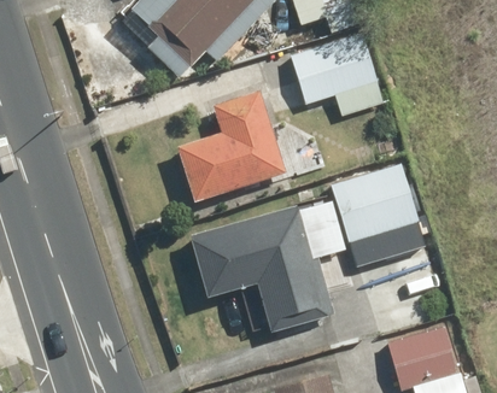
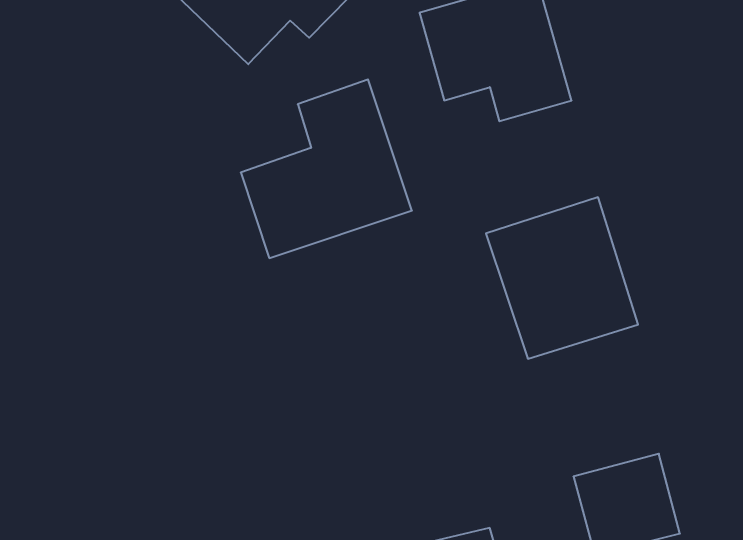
building: [186,204,334,333] -> none

